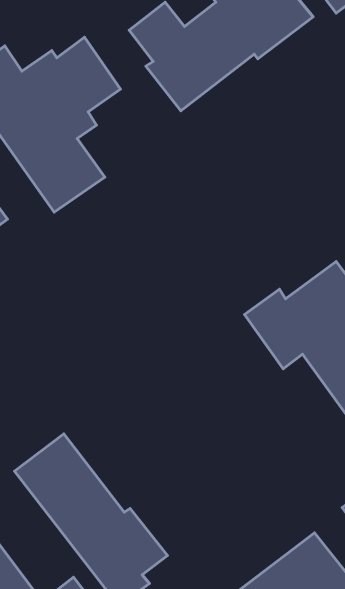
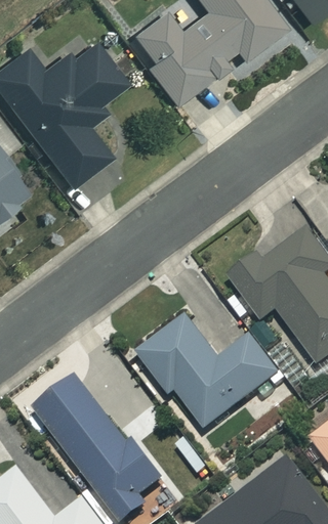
building: none -> [139,317,281,430]

